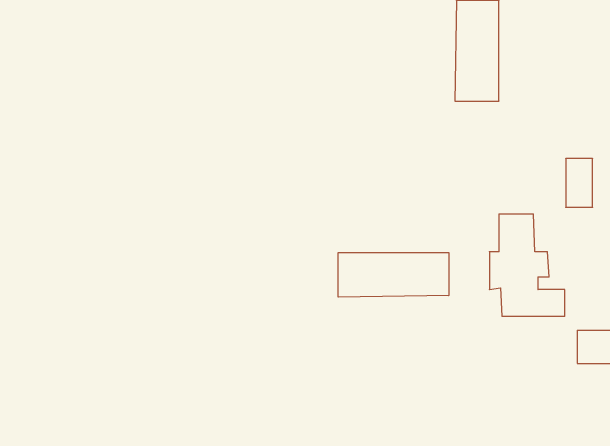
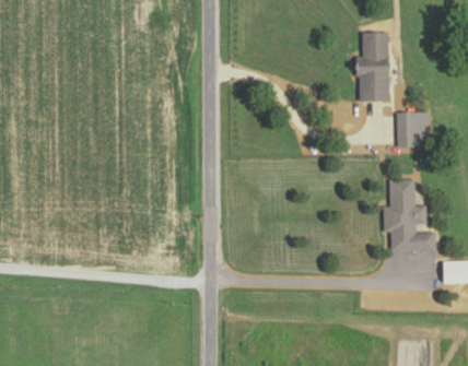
building: [566,159,593,207] -> [397,114,416,147]
building: [338,253,449,297] -> none

